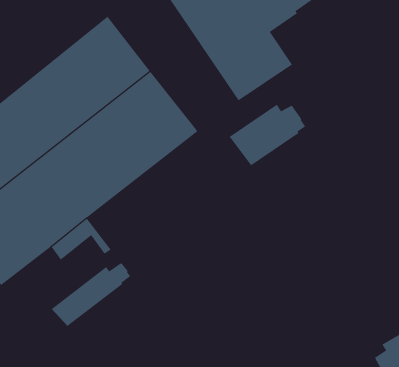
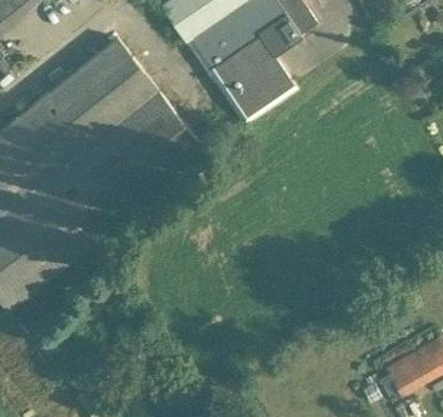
building: [229,104,306,166] -> none
building: [51,262,131,327] -> none

